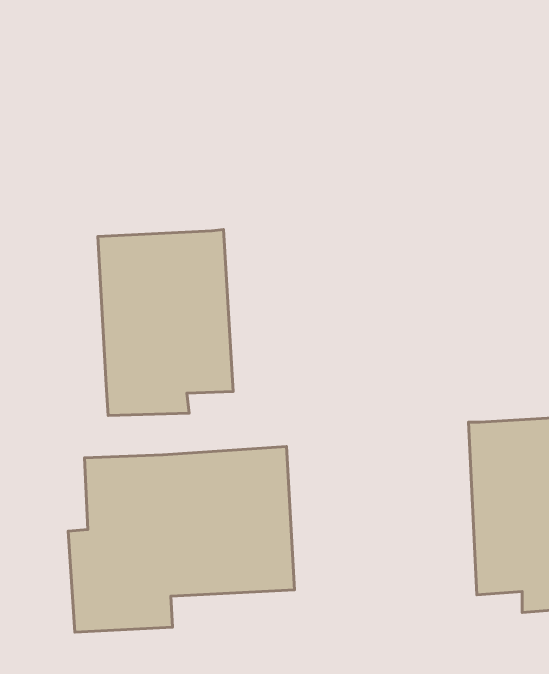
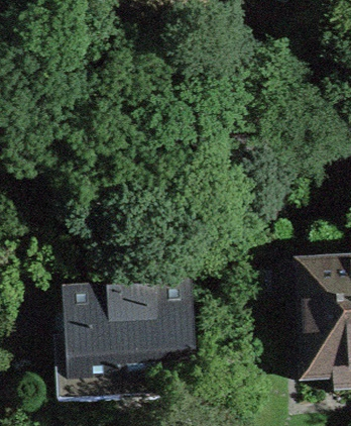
building: [98,230,233,415] -> none

